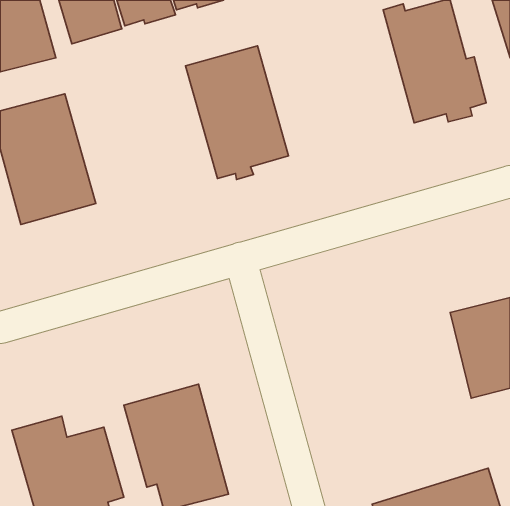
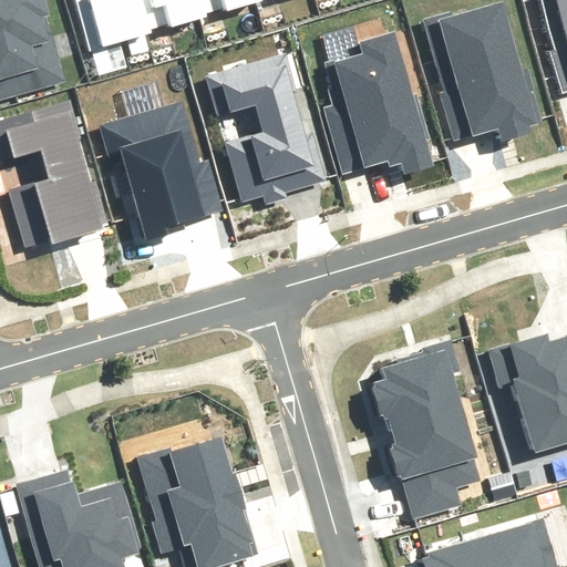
building: none -> [327,32,430,175]
building: none -> [106,107,221,229]
building: none -> [373,352,496,508]

